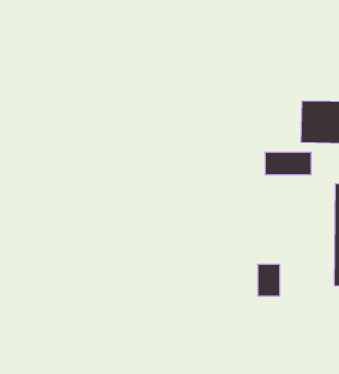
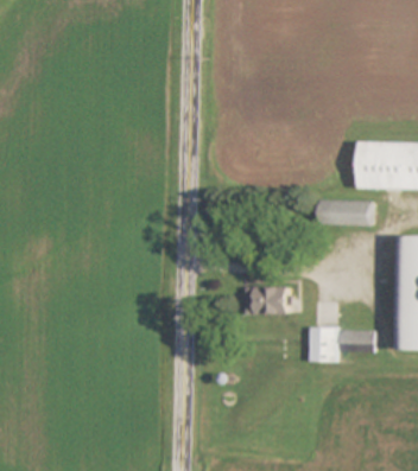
building: none -> [247,286,290,313]
building: none -> [338,330,372,352]

